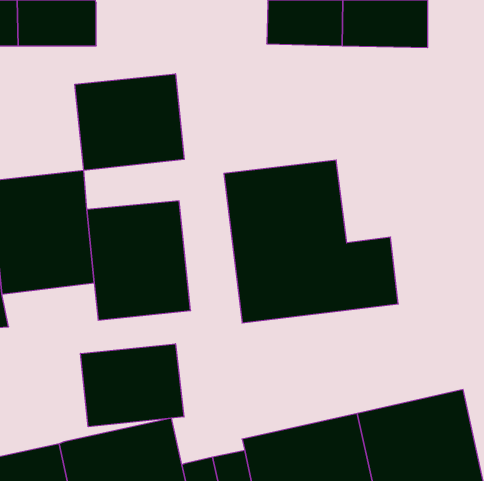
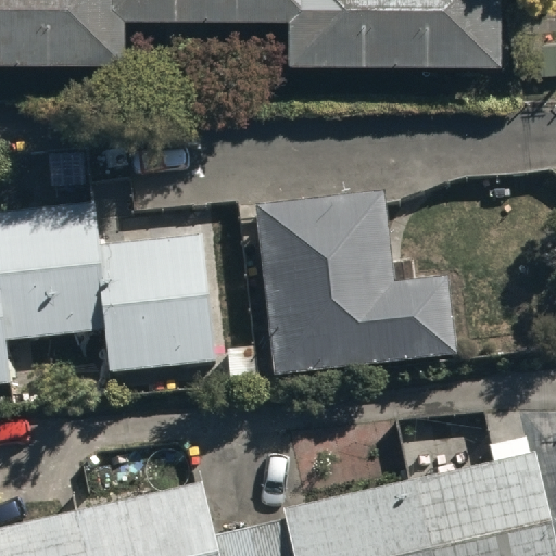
building: [75,74,184,170] -> none
building: [81,344,184,427] -> none

